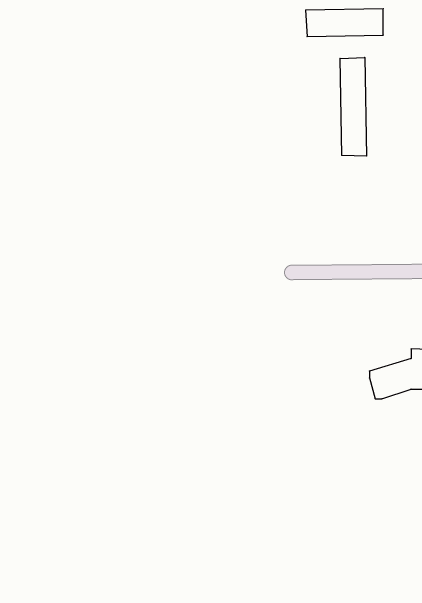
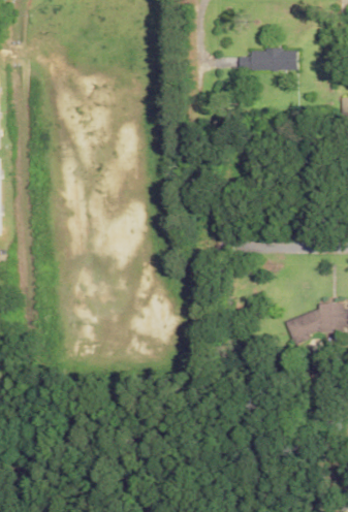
building: [340,57,367,156] -> none

